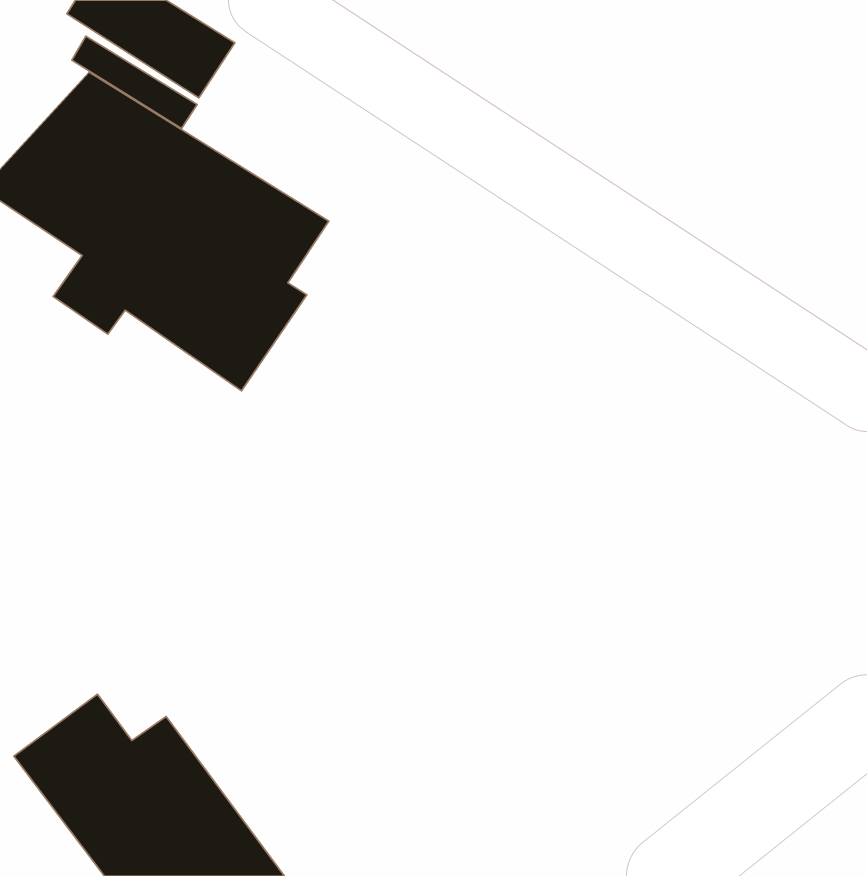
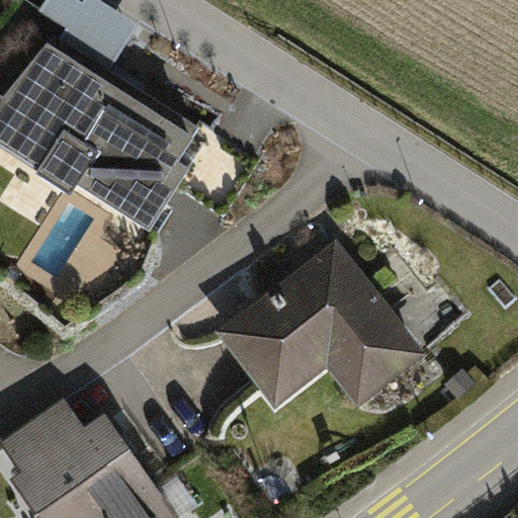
building: none -> [221,251,414,401]

